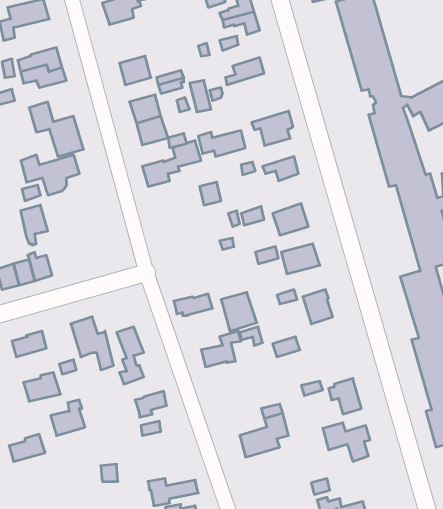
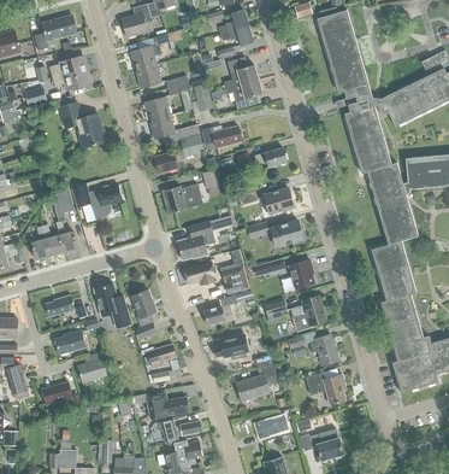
building: none -> [130,33,170,69]
building: [252,111,293,145] -> [225,77,260,106]
building: [21,155,79,195] -> [72,185,122,218]
building: none -> [164,183,202,212]
building: none -> [178,221,212,258]
building: none -> [290,295,326,330]
building: none -> [214,333,248,359]
building: none -> [146,391,188,419]
building: none -> [254,412,290,438]

